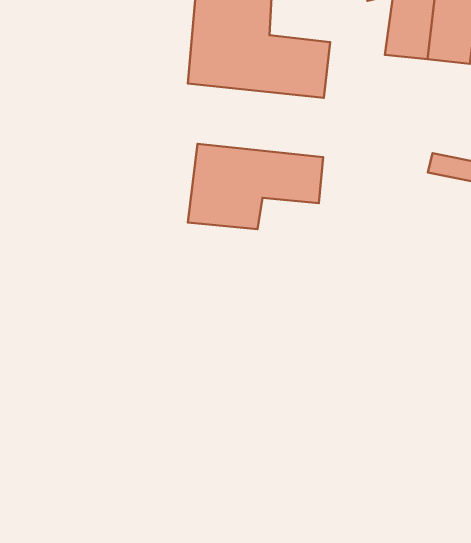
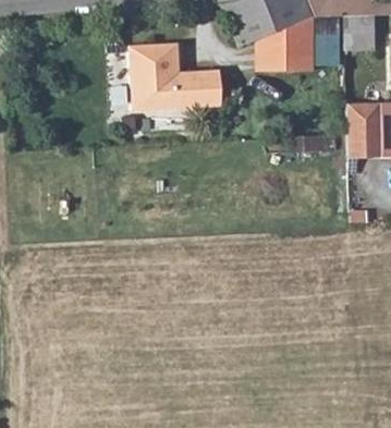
building: [188,144,323,229] -> none

